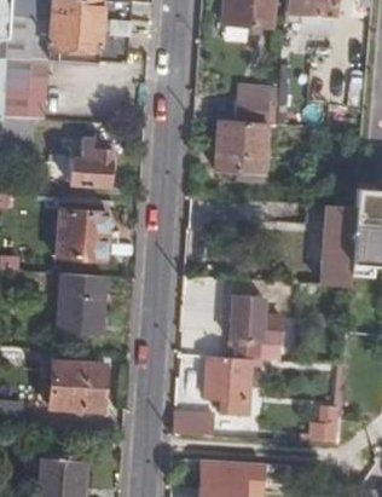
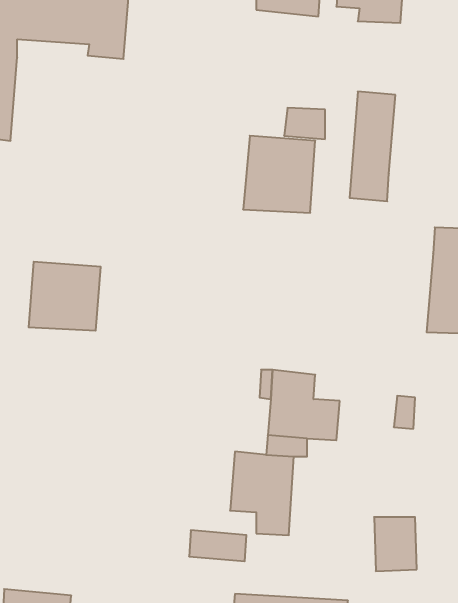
building: [70,140,111,187] -> none
building: [319,203,353,284] -> [350,92,395,201]
building: [58,276,103,334] -> none
building: [51,365,104,415] -> none

